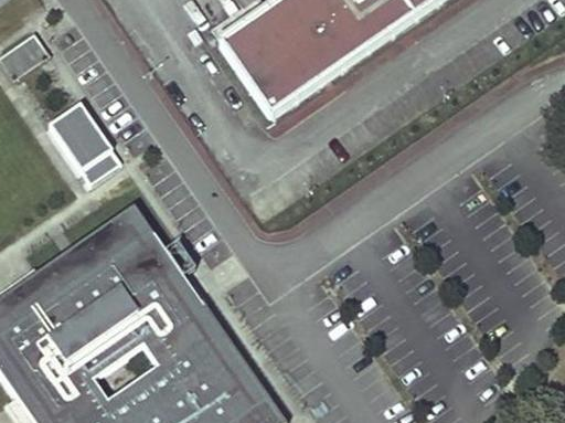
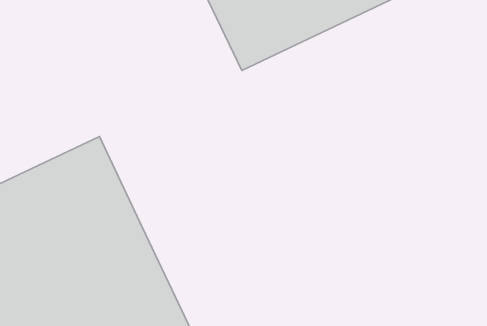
building: [46,104,118,186] -> none

